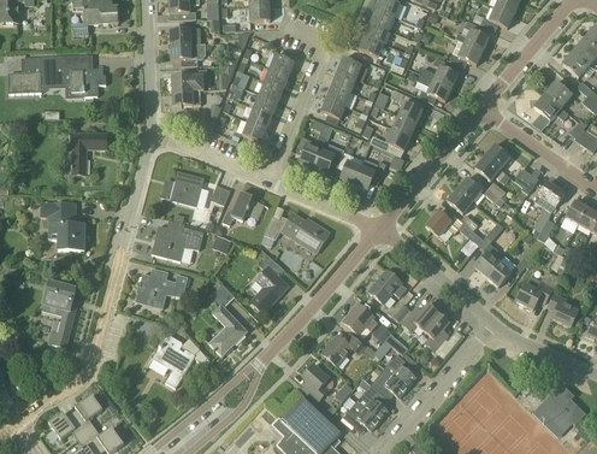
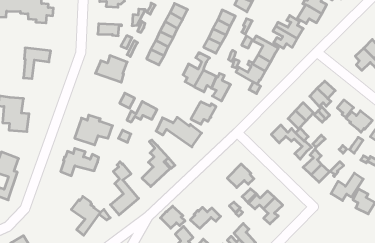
building: [171,67,207,90] -> none
building: [353,159,386,190] -> [191,102,216,124]
building: [160,170,203,206] -> [95,56,127,82]
building: [343,303,378,335] -> [160,206,185,228]

